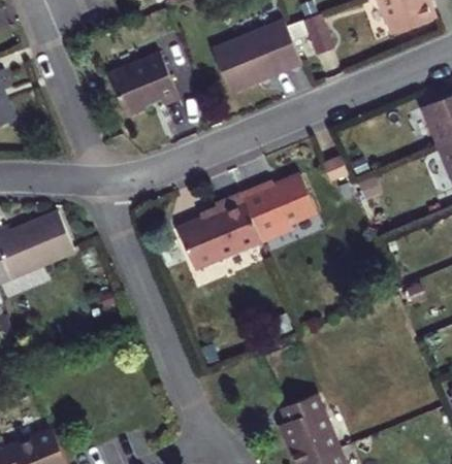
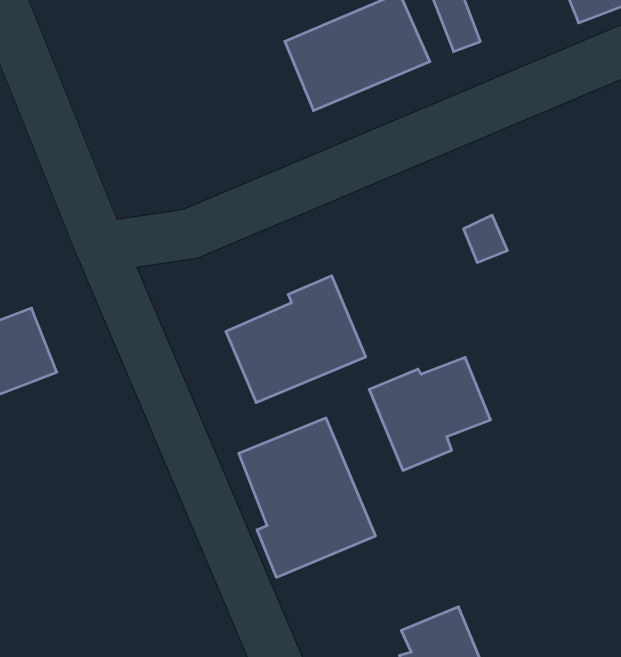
building: [110,51,183,113] -> none
building: [241,173,316,242] -> [369,357,491,470]
building: none -> [239,418,375,577]

